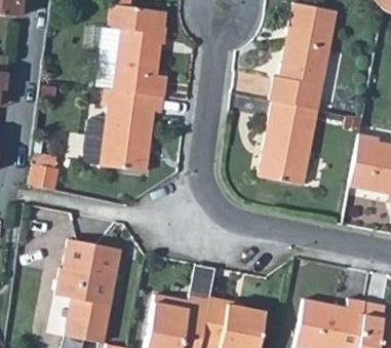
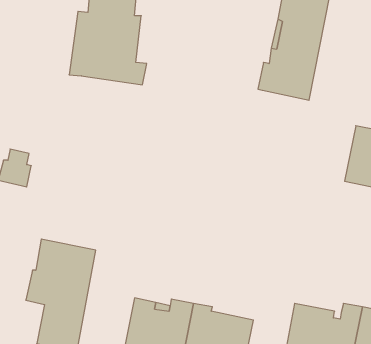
building: [84,87,163,171] -> none
building: [260,101,317,184] -> none

